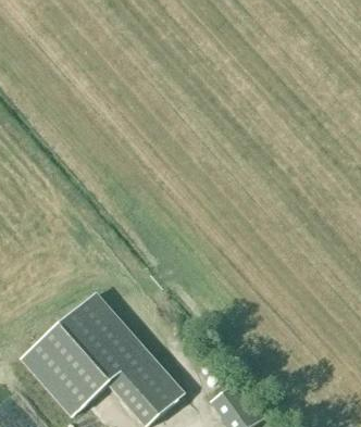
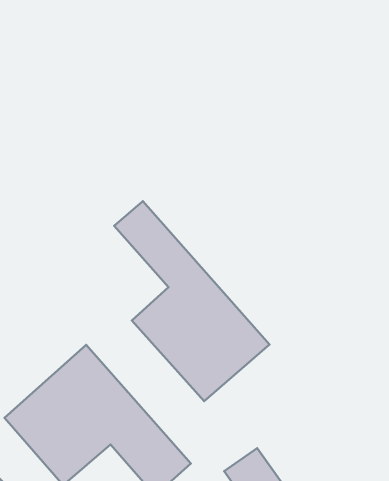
building: none -> [114,201,269,401]

